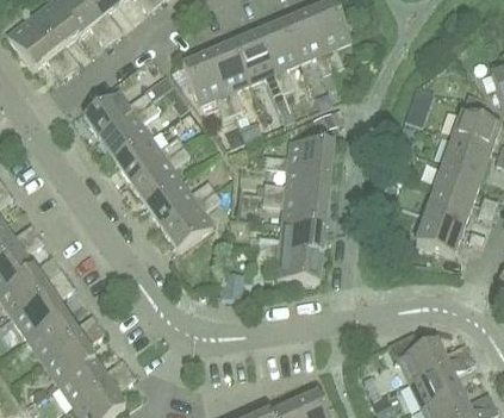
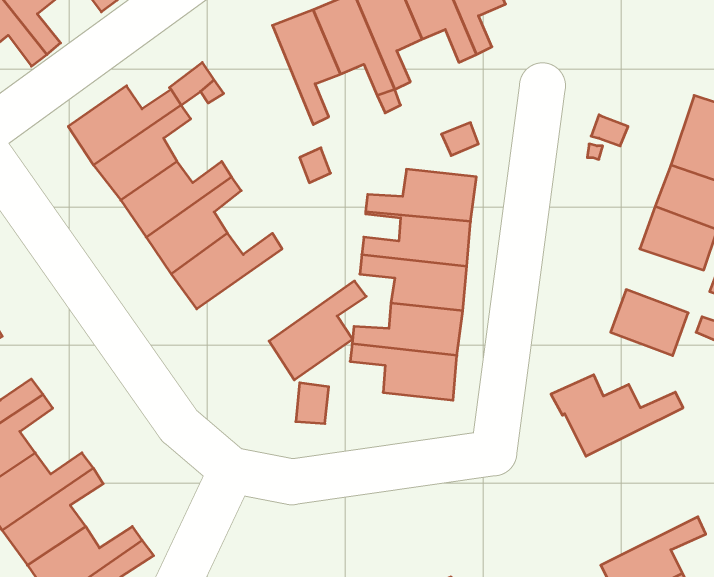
building: [181,51,232,116] -> none
building: [161,188,220,249] -> [269,281,366,380]
building: [424,188,472,227] -> none
building: [387,332,468,382] -> [551,375,683,456]

